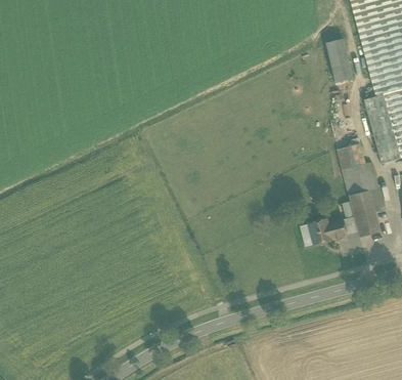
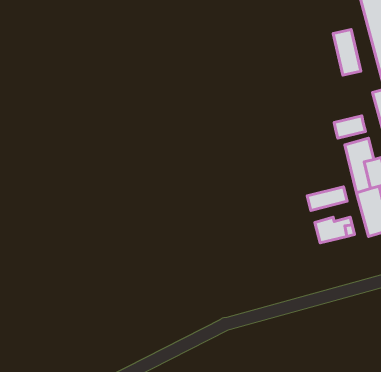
building: none -> [334,116,366,138]
building: none -> [307,187,347,210]

